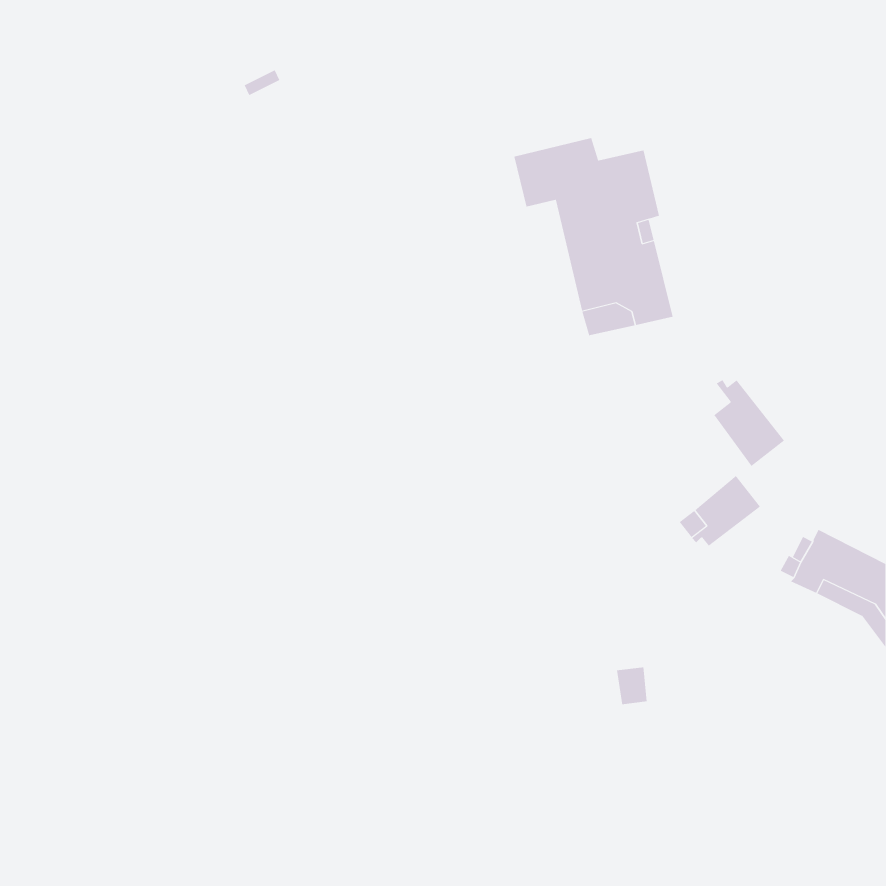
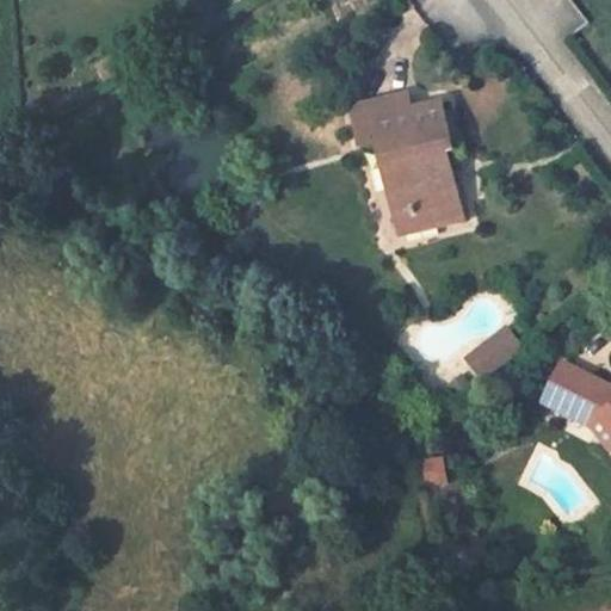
building: [713,379,785,467] -> none

